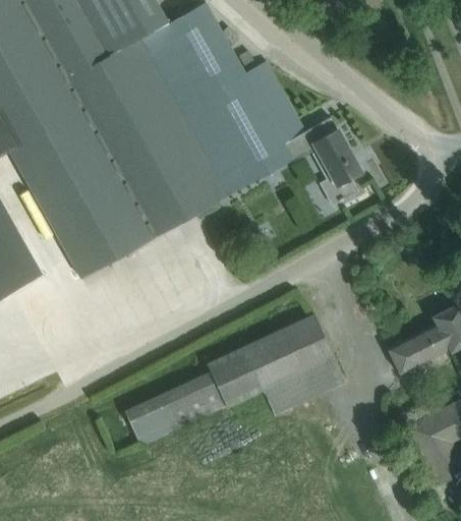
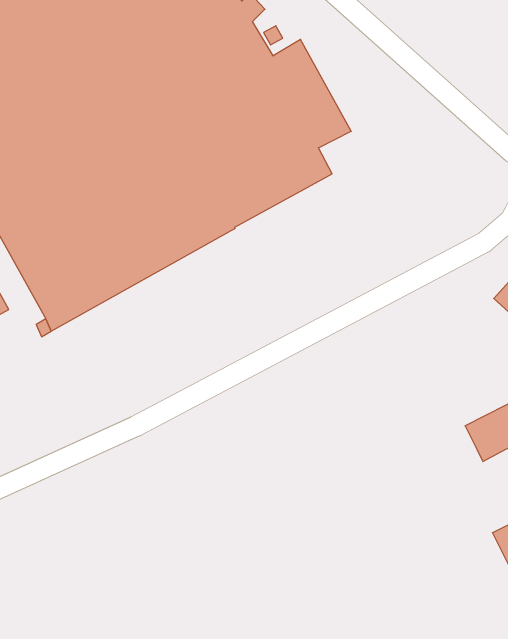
building: [283,118,360,200] -> none
building: [123,315,345,447] -> none

